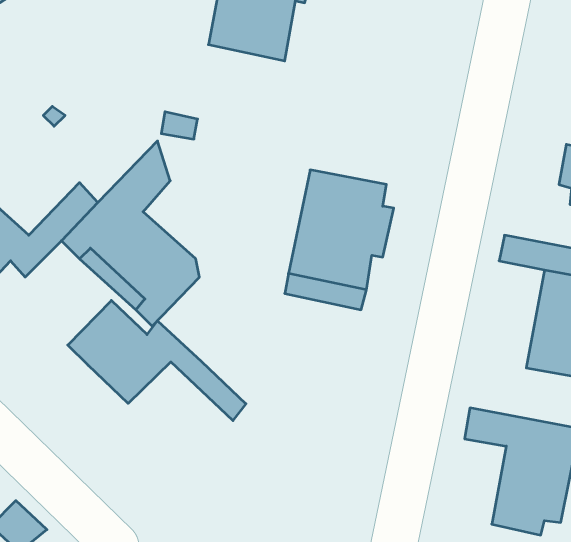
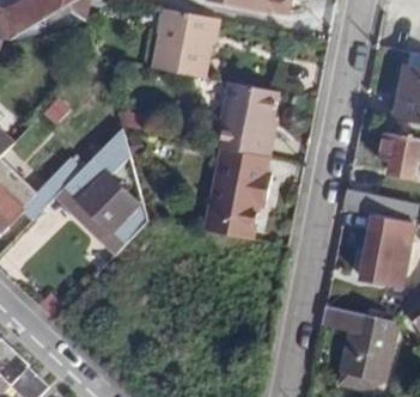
building: none -> [215,83,279,159]
building: [68,300,246,421] -> none

